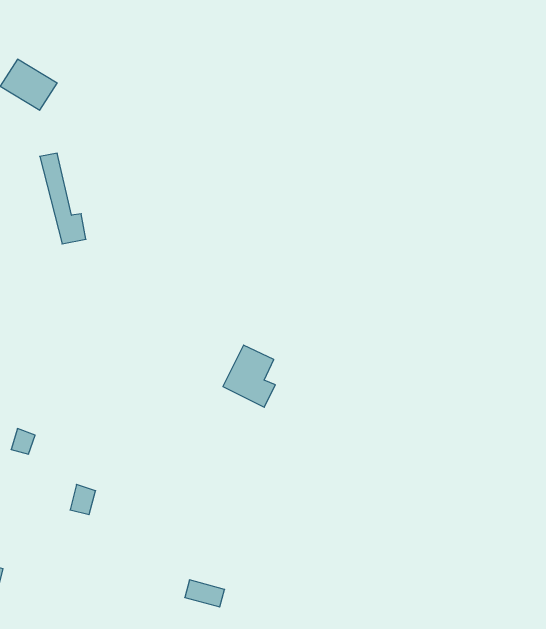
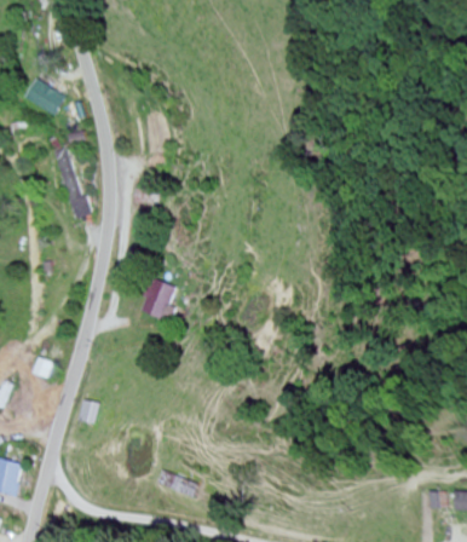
building: [223,345,275,407] -> [137,277,177,324]

